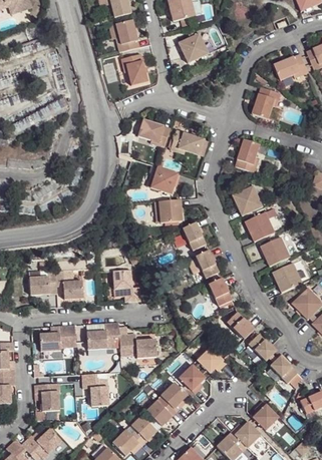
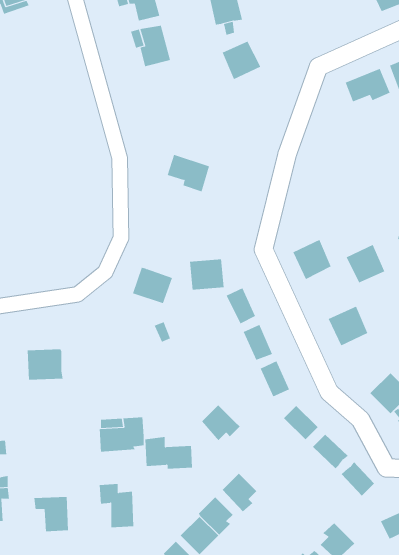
building: [120,53,147,85] -> none
building: [254,86,283,119] -> none
building: [171,130,205,154] -> none
building: [236,139,262,173] -> none
building: [146,165,178,193] -> [132,267,173,304]
building: [245,211,275,242] -> [346,244,385,283]
building: [273,262,303,293] -> none
building: [112,268,139,299] -> none
building: [56,271,83,299] -> none
building: [39,324,76,350] -> none
building: [197,346,227,374] -> [201,404,240,441]

